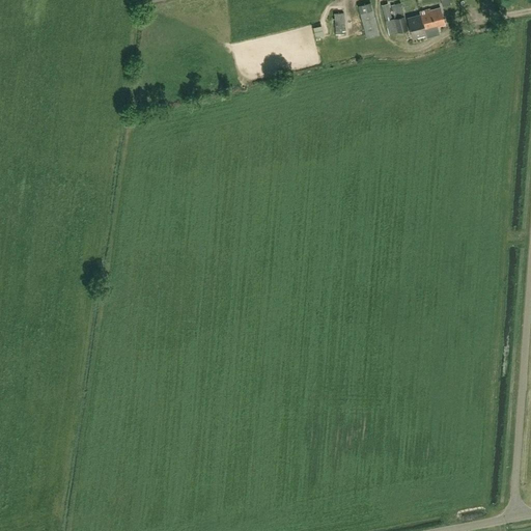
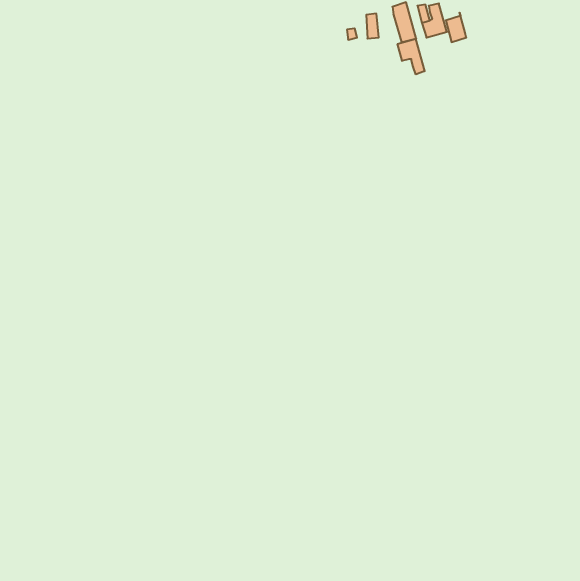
building: [420,7,445,30] -> none
building: none -> [398,39,425,74]

